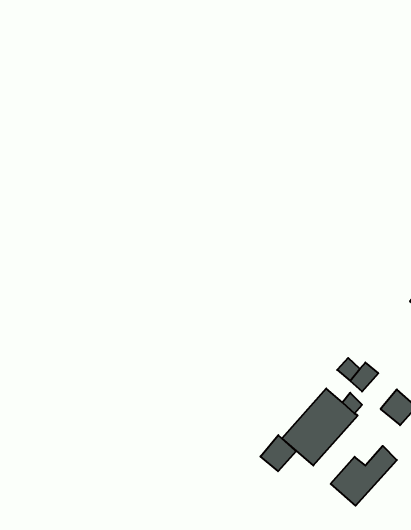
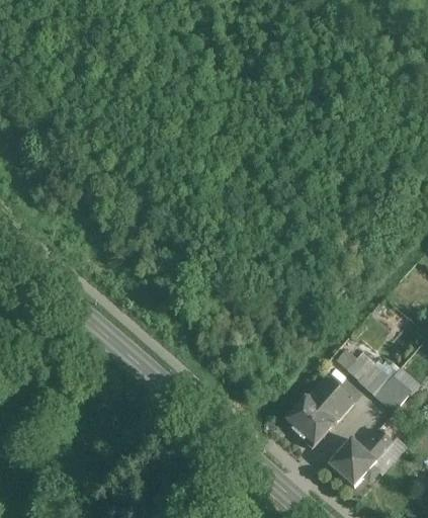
building: none -> [359,361,392,394]
building: [260,435,296,471] -> none

